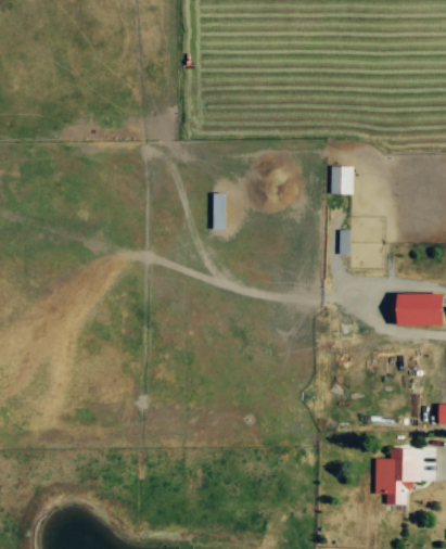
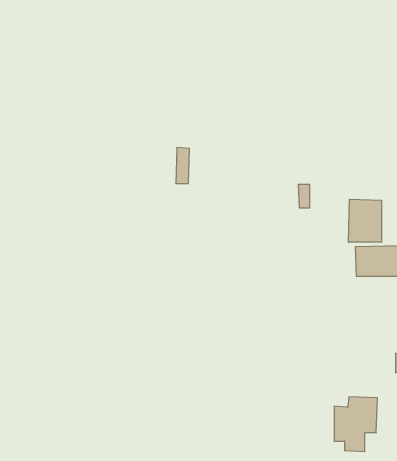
building: [331,166,354,194] -> none
building: none -> [348,199,381,242]

